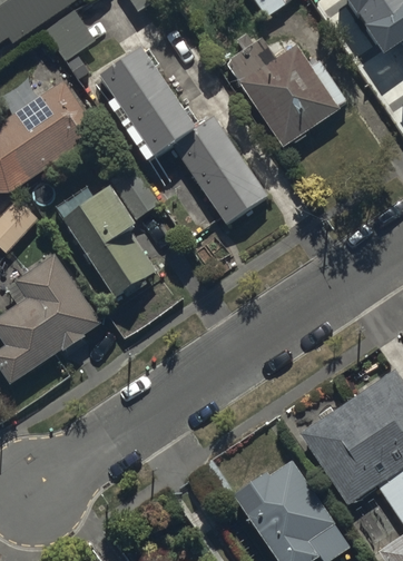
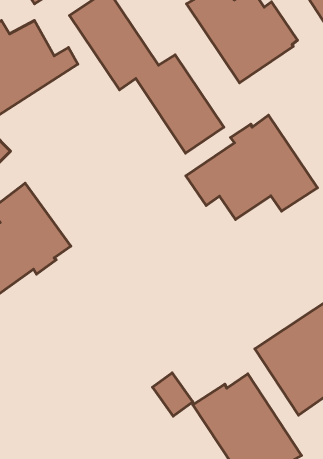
building: [63,171,159,297] -> none
building: none -> [186,115,318,219]

